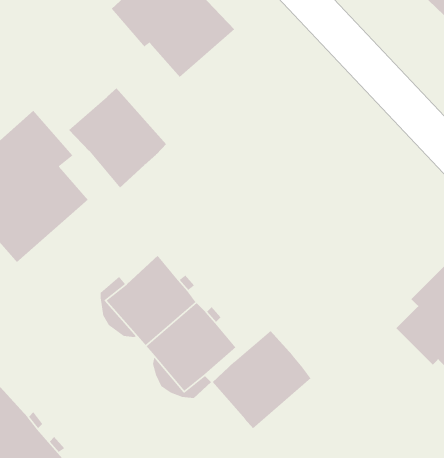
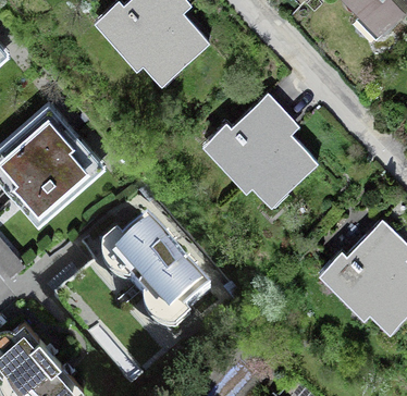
building: [68,88,167,188] -> none
building: none -> [219,92,318,200]
building: [212,330,311,429] -> none

